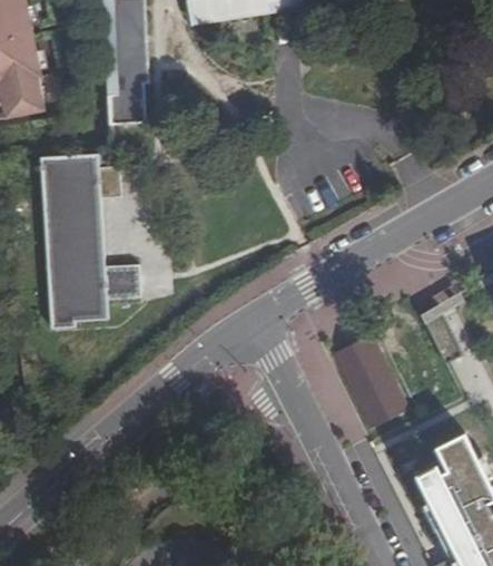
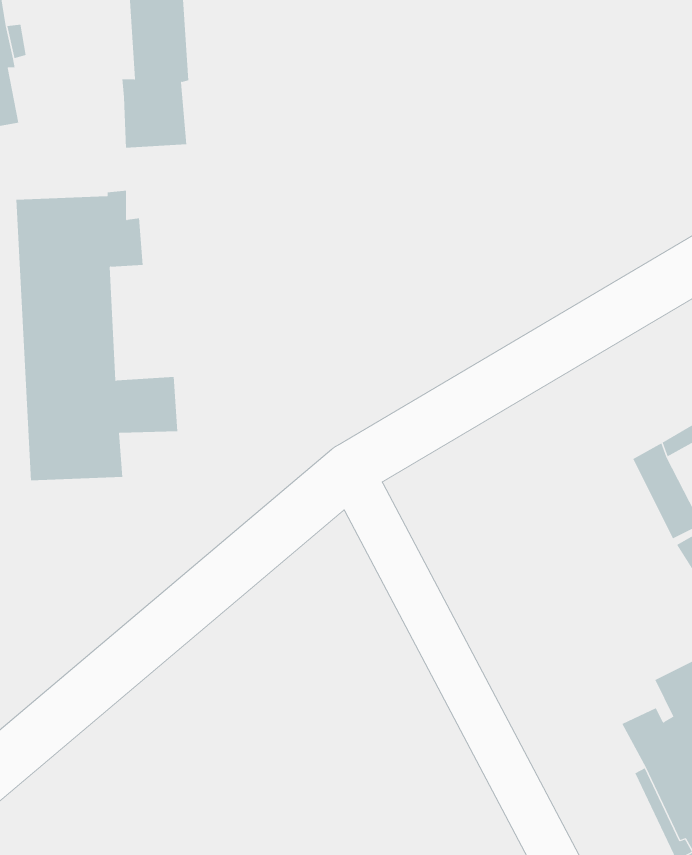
building: [332,335,405,429] -> none

